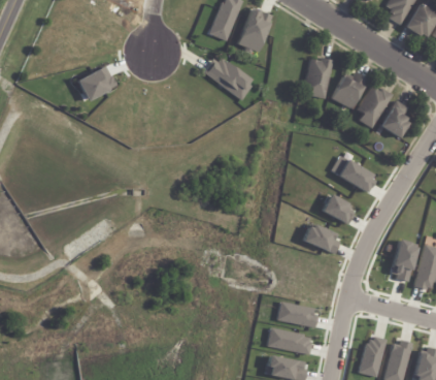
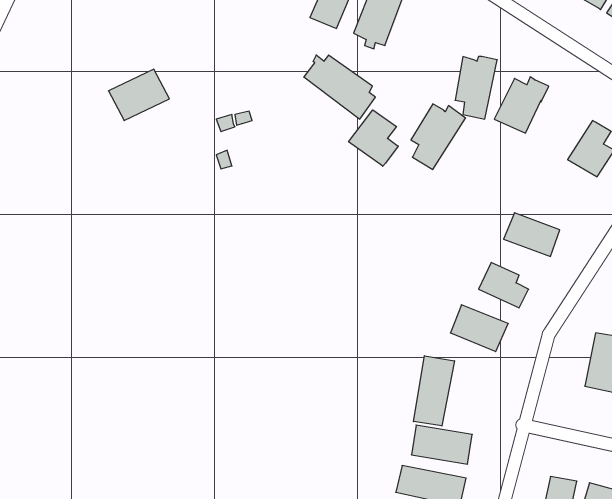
building: [358,85,394,128] -> [411,104,466,170]
building: none -> [349,110,398,166]
building: none -> [413,356,454,426]

